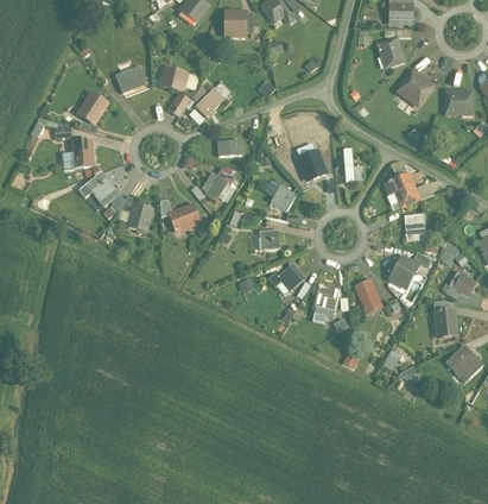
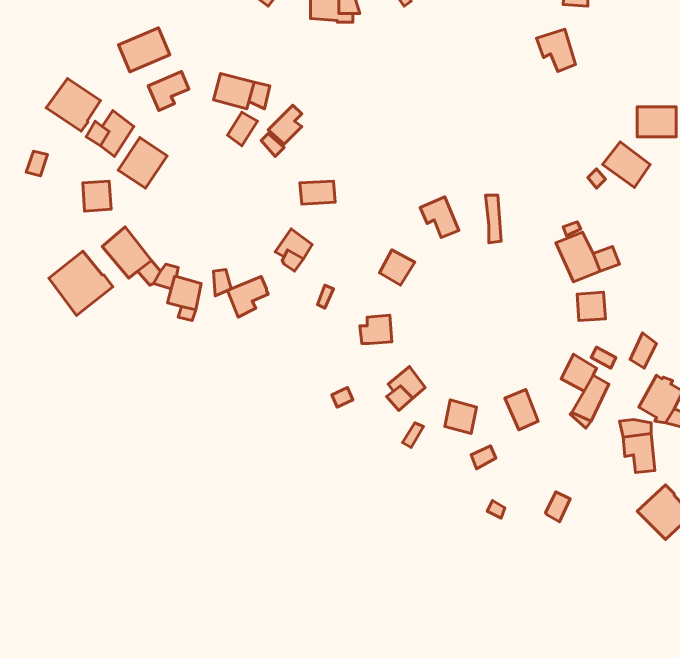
building: none -> [118,28,170,72]
building: [400,69,432,100] -> [603,142,650,188]
building: none -> [46,79,100,131]
building: none -> [118,138,167,188]
building: none -> [49,251,113,316]

